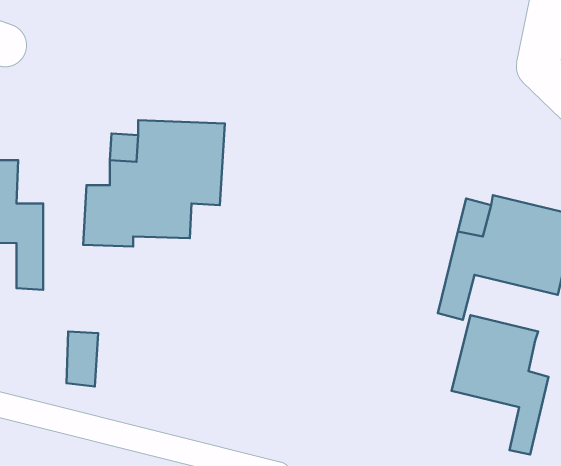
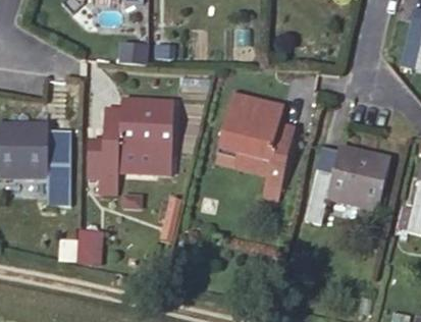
building: none -> [218,94,295,201]
building: [452,315,548,455] -> none

